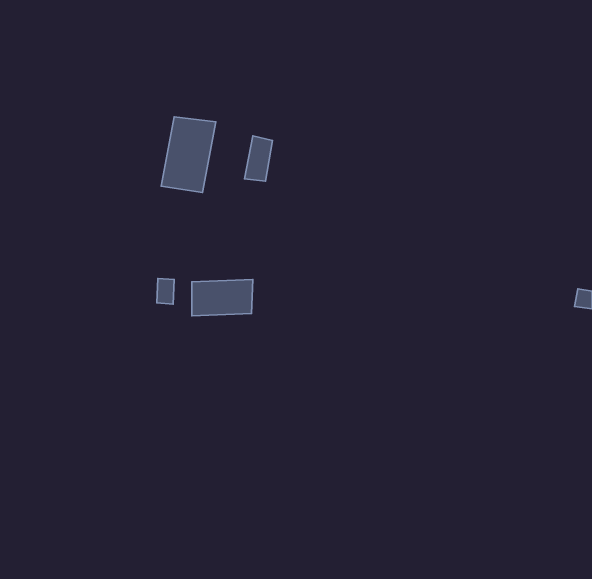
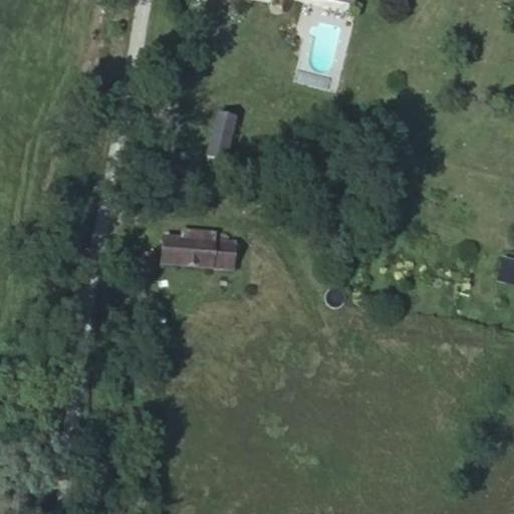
building: [161,117,216,193] -> none

